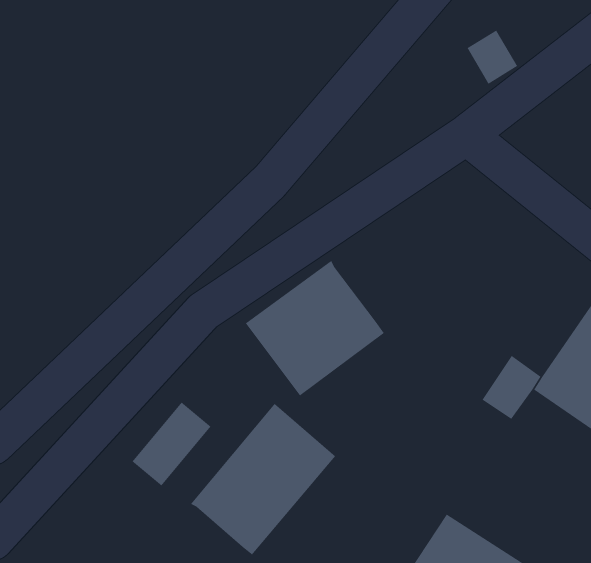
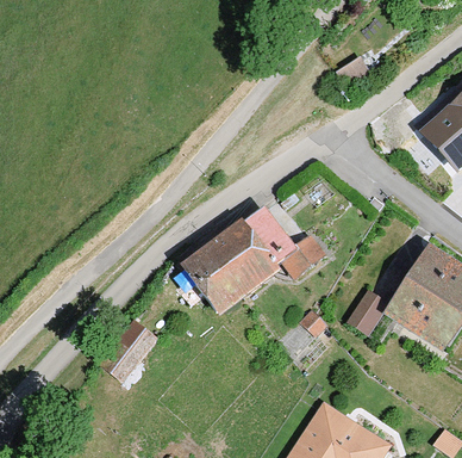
building: none -> [243,209,325,278]
building: [190,403,336,555] -> none

